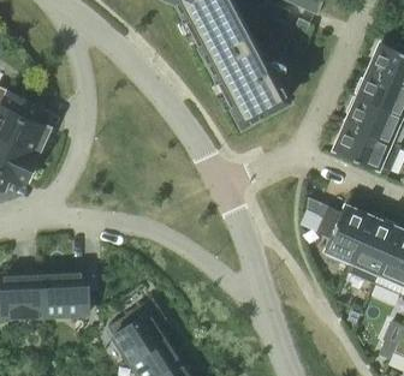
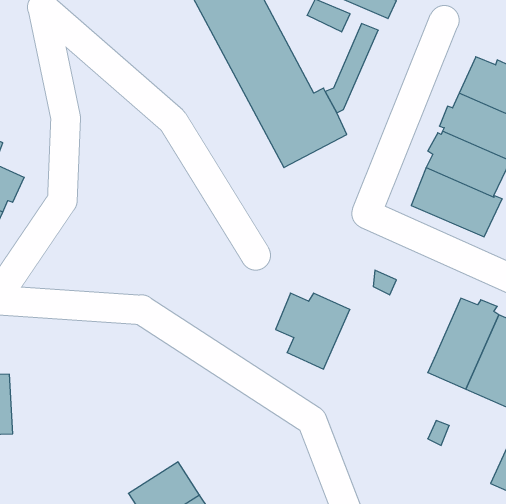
building: [316,207,370,262] -> [276,293,350,369]
building: [42,271,88,317] -> none
building: [107,299,166,360] -> none

